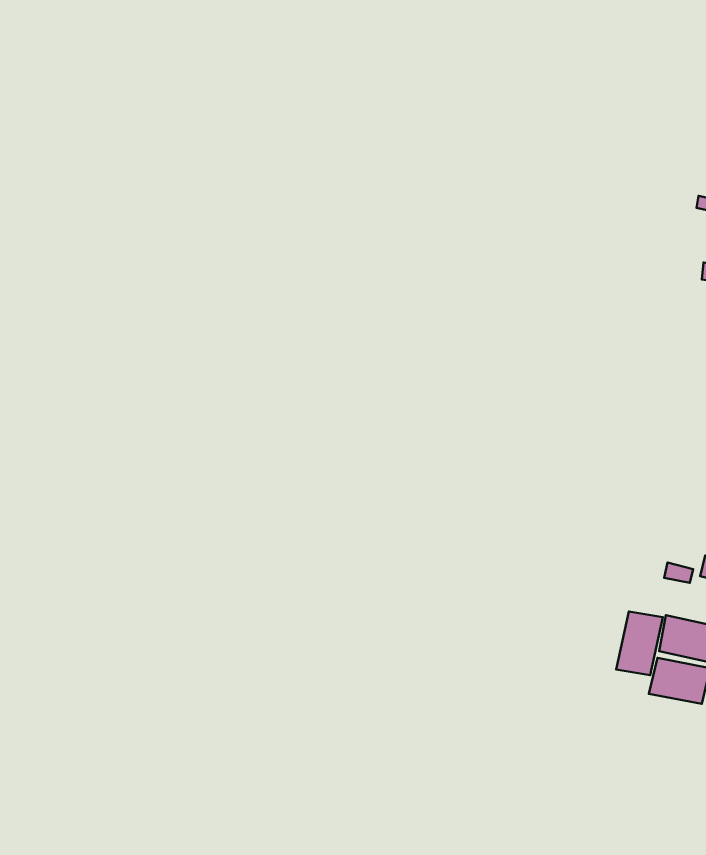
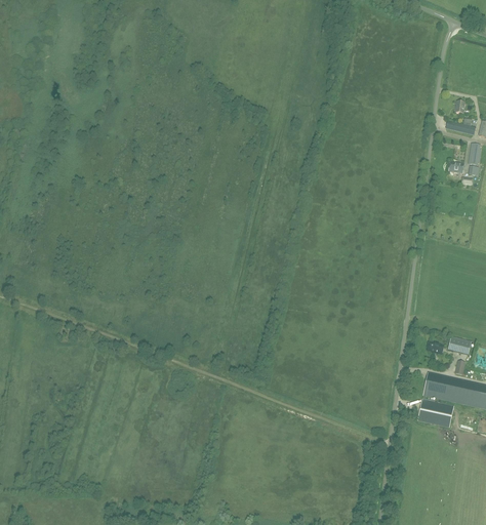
building: [616,611,663,675] -> none

